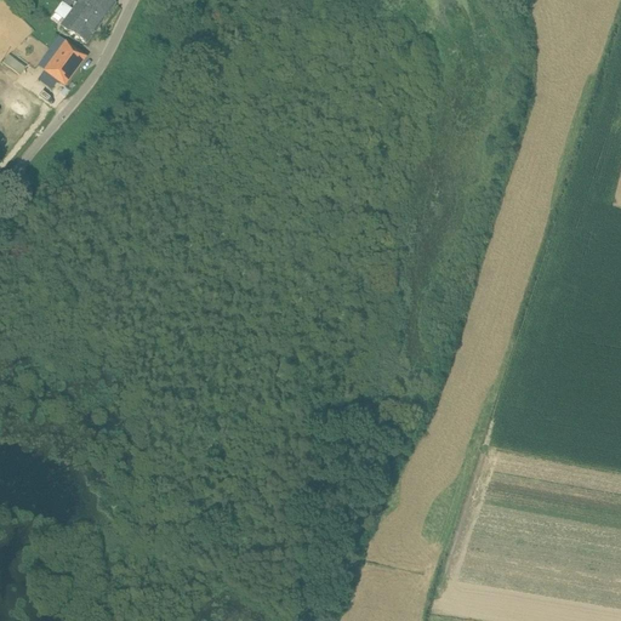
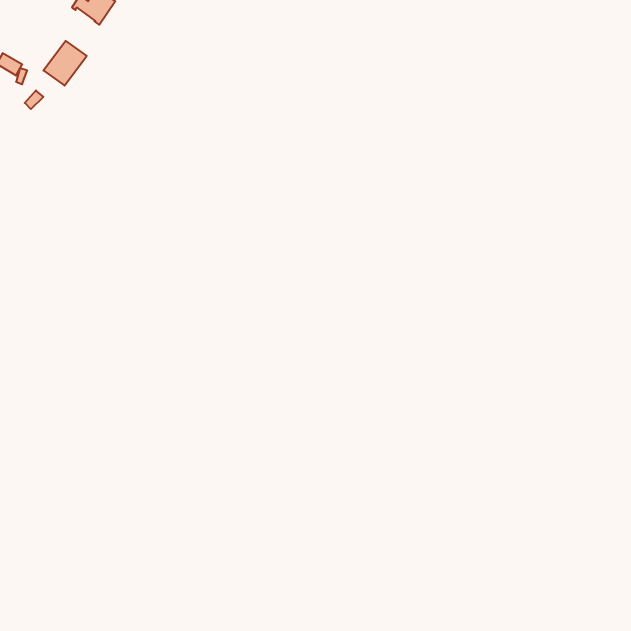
building: [58,7,97,42] -> none

